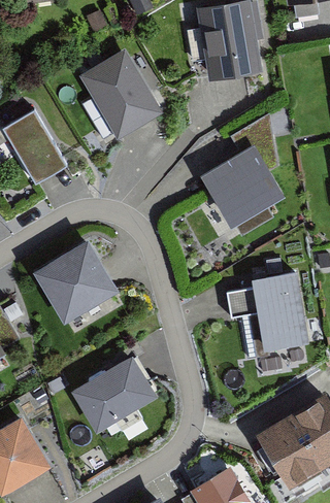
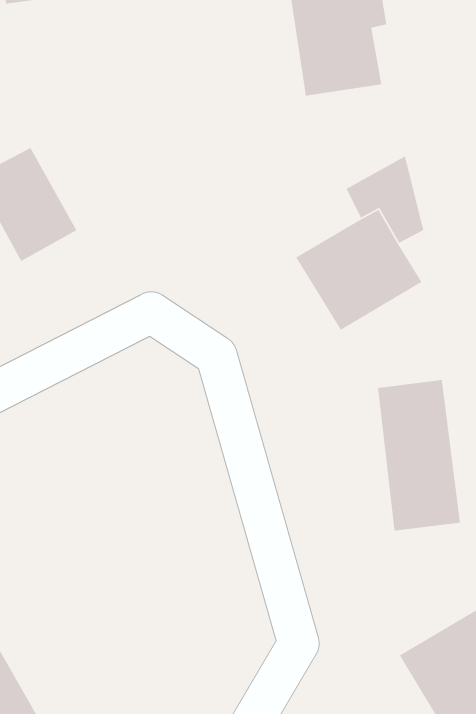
building: [80,56,156,139] -> none
building: [37,246,116,324] -> none
building: [73,359,154,432] -> none

